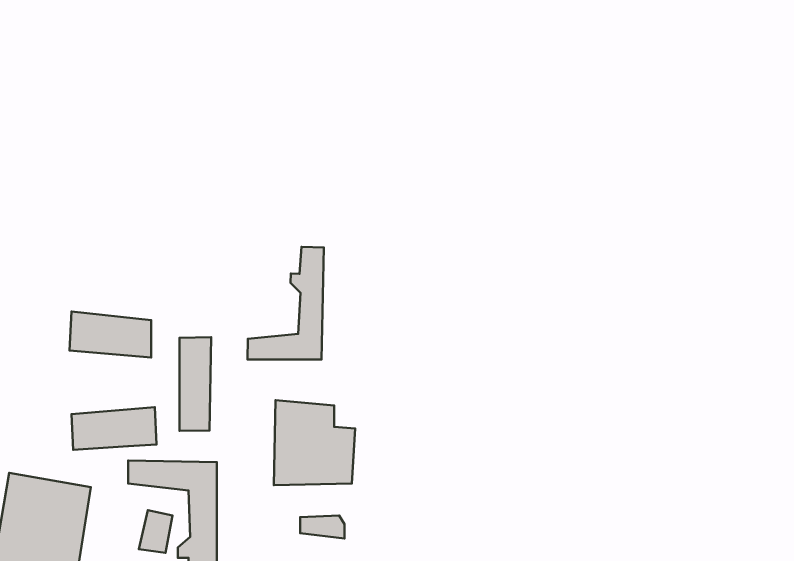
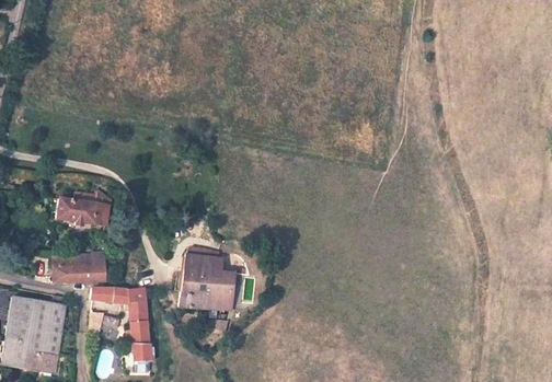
building: [248,247,324,359] -> none
building: [179,337,211,431] -> none

